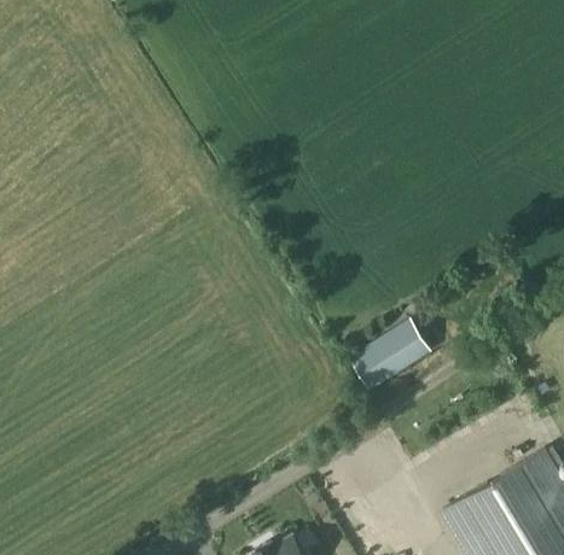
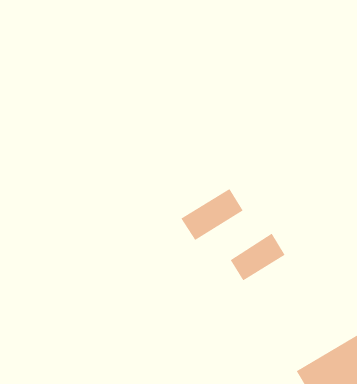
building: none -> [180,188,244,241]

